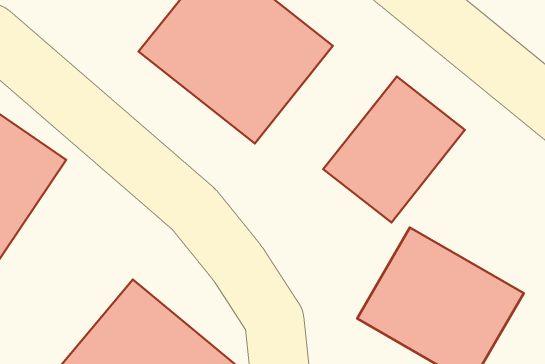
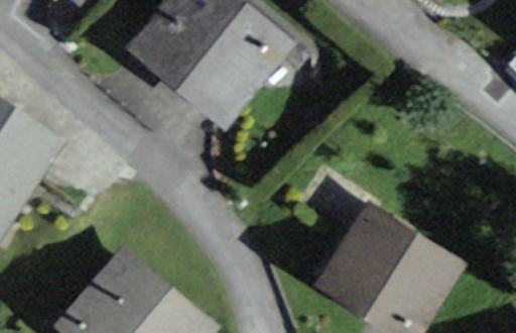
building: [323,76,465,223] -> none

